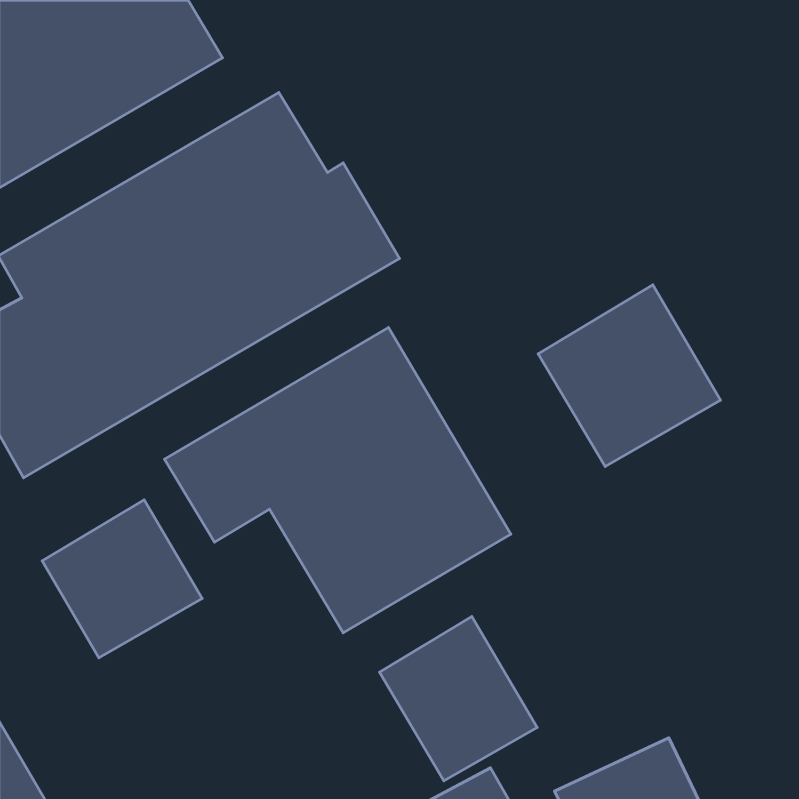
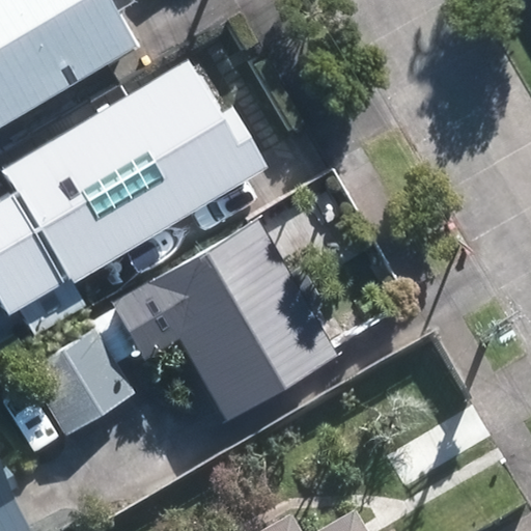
building: [538,285,721,467] -> none
building: [379,617,537,781] -> none

